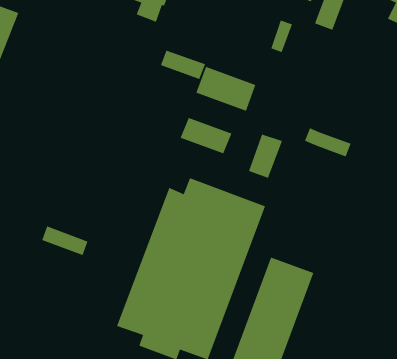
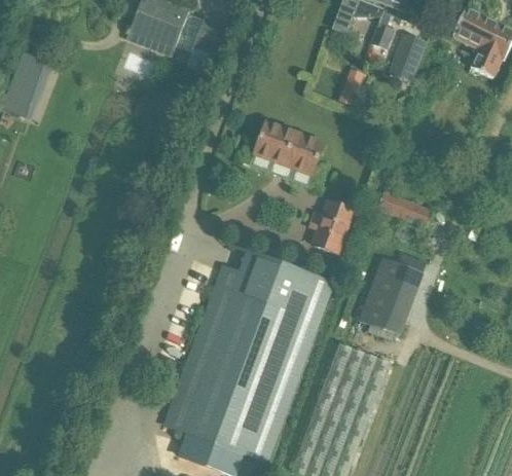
building: [160,50,206,80] -> none
building: [180,117,232,154] -> none
building: none -> [359,258,422,334]
building: [41,226,88,256] -> none

